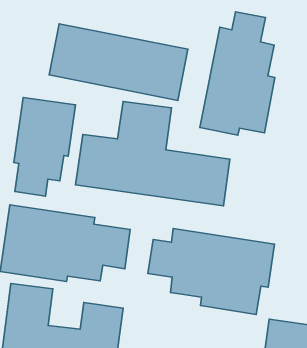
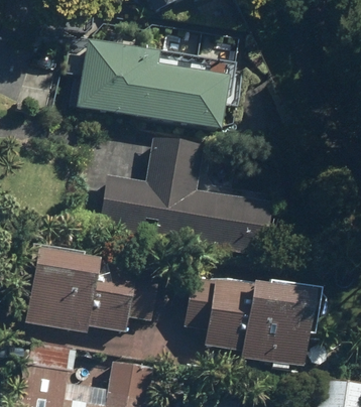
building: [200,12,275,135] -> none
building: [14,97,75,196] -> none

